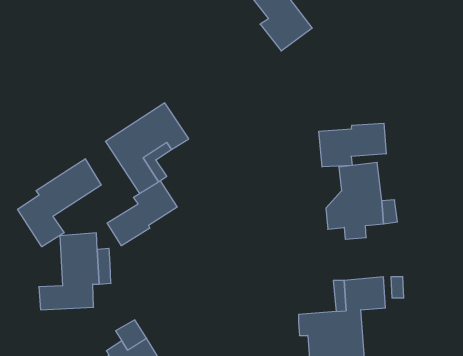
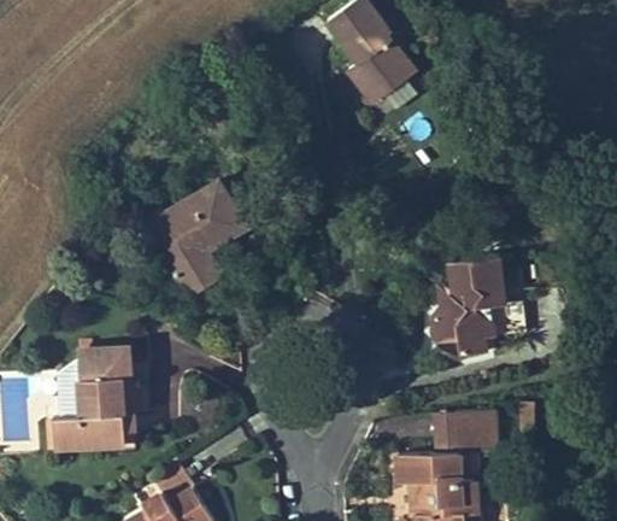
building: [319,123,386,167] -> none
building: [18,159,101,247] -> none
building: [107,181,177,246] -> none

